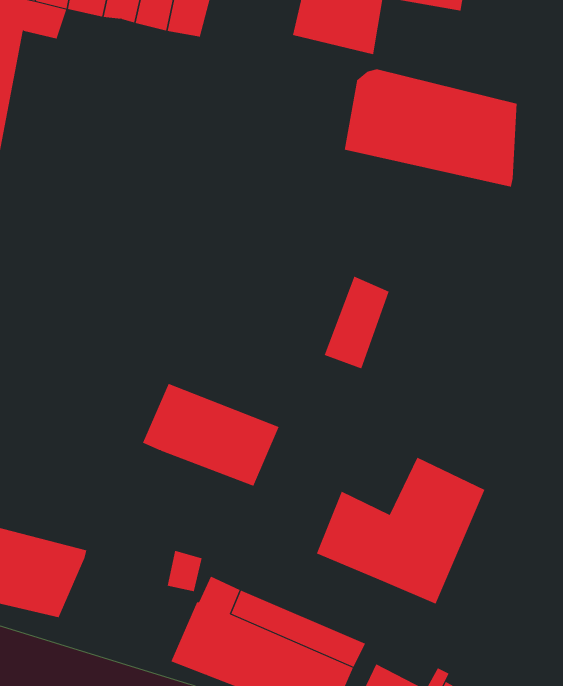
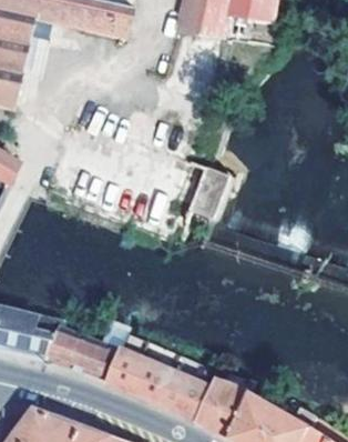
building: [344,68,517,188] -> none
building: [142,383,280,486] -> [47,327,123,384]
building: [316,457,485,604] -> none

